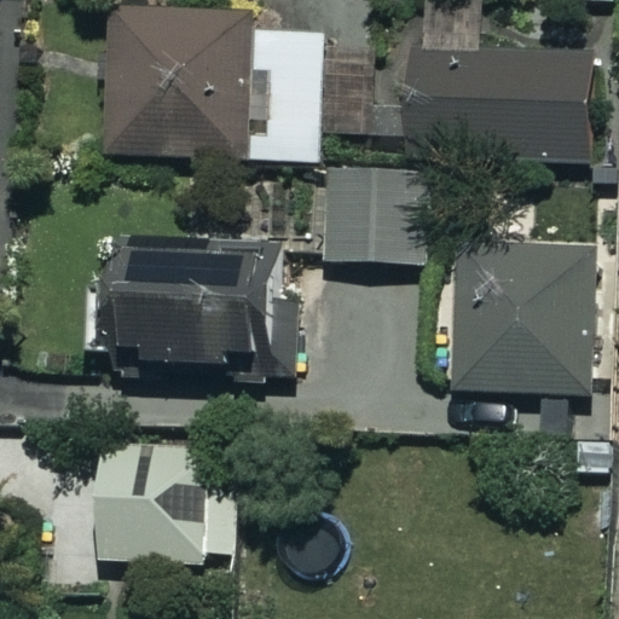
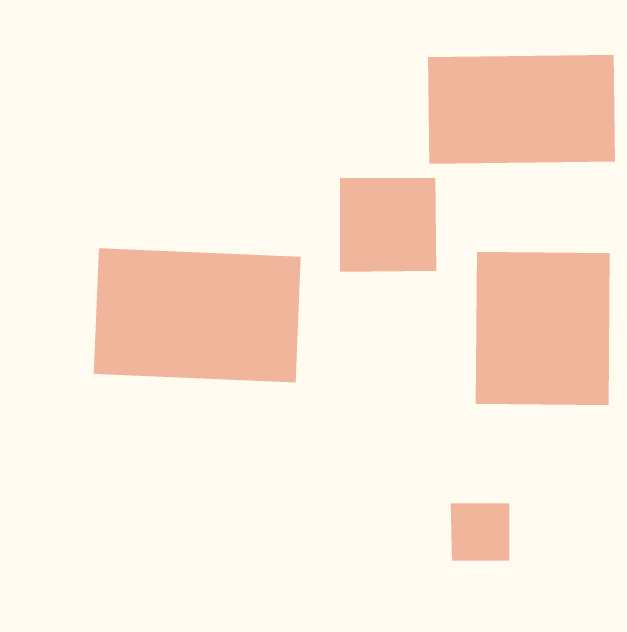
building: [106,7,320,152] -> none
building: [102,440,236,565] -> none

